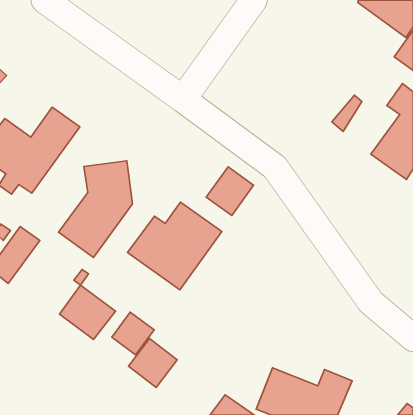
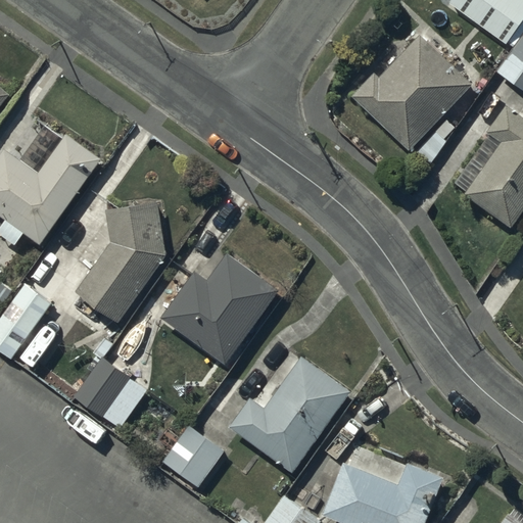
building: none -> [353,36,470,149]
building: [206,167,254,216] -> none
building: none -> [230,359,349,472]
building: [112,312,154,355] -> none

